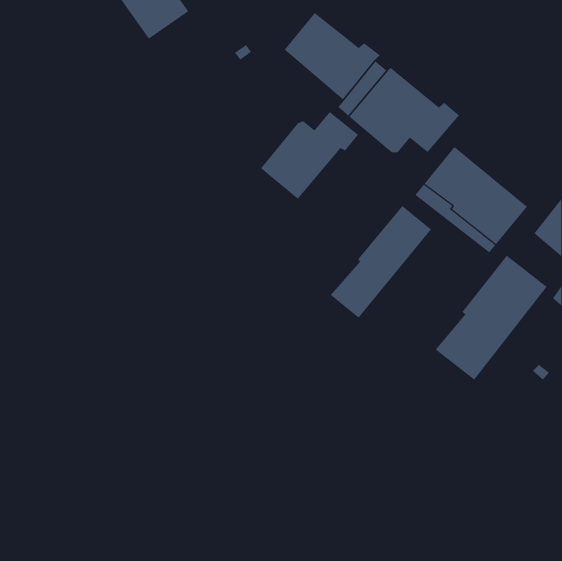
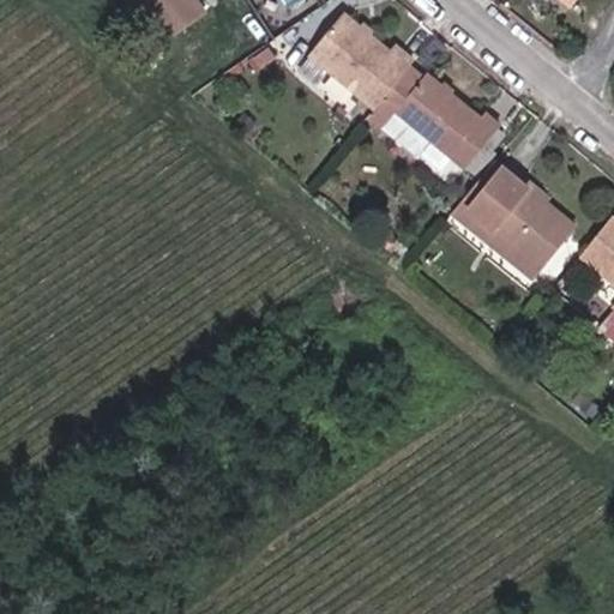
building: [260,111,359,199] -> none
building: [330,205,432,319] -> none
building: [435,255,548,381] -> none

